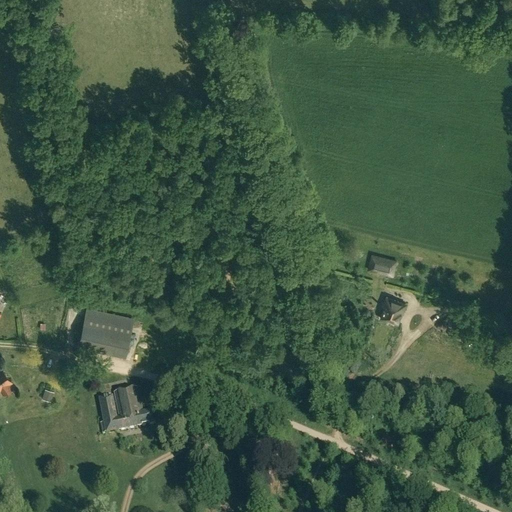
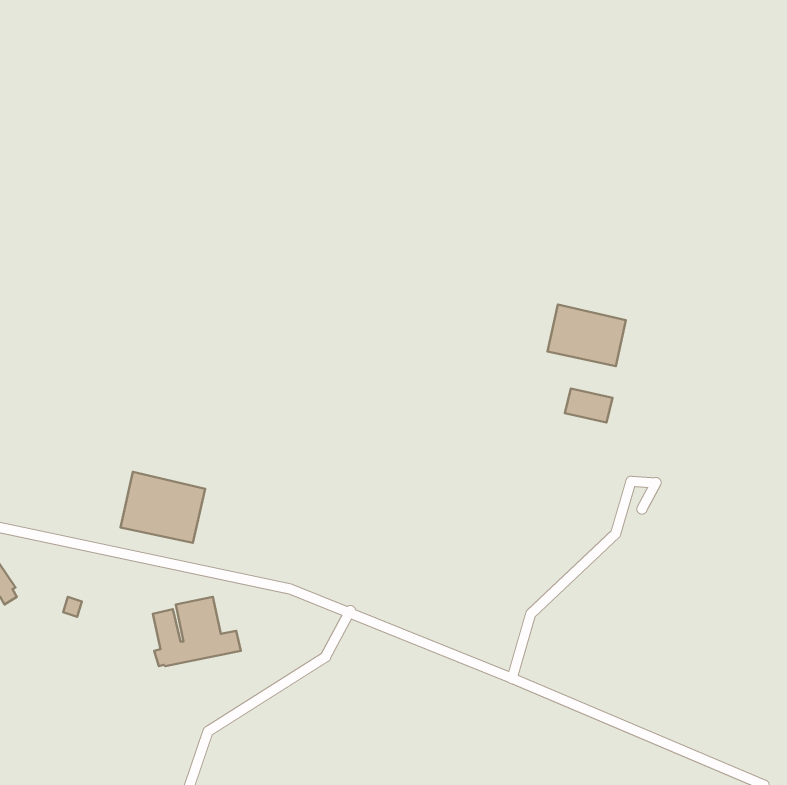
building: none -> [547,304,626,366]
building: [380,296,406,320] -> none

